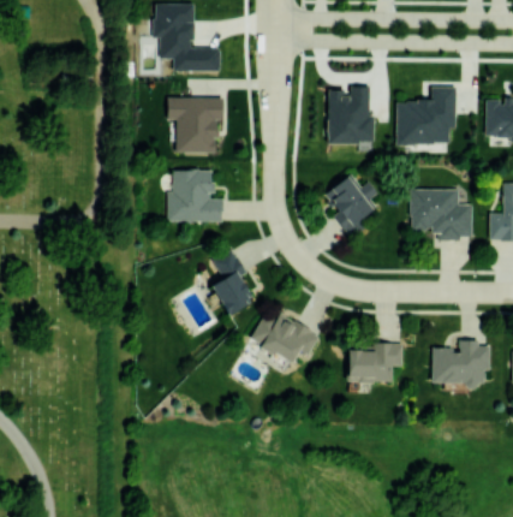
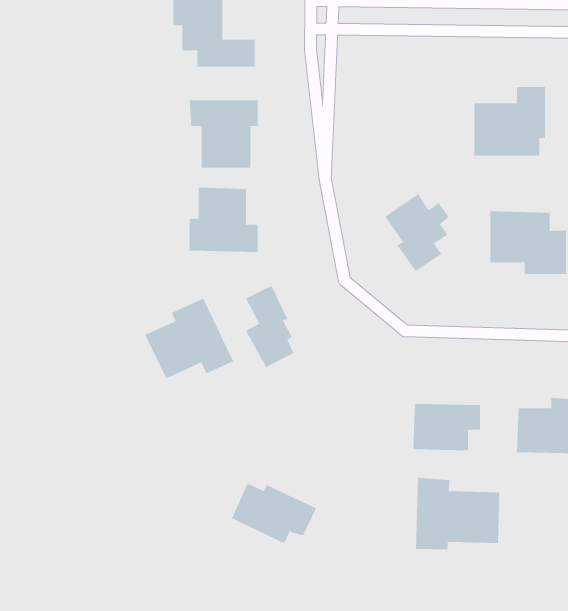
building: [327,84,375,143] -> none
building: none -> [144,298,234,379]
building: [250,313,320,362] -> [231,483,317,544]
building: none -> [416,477,500,550]

